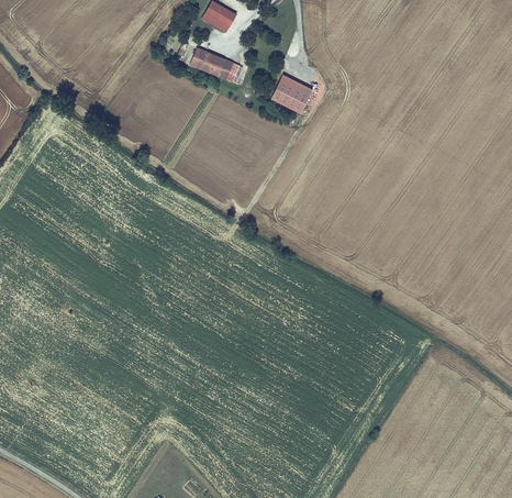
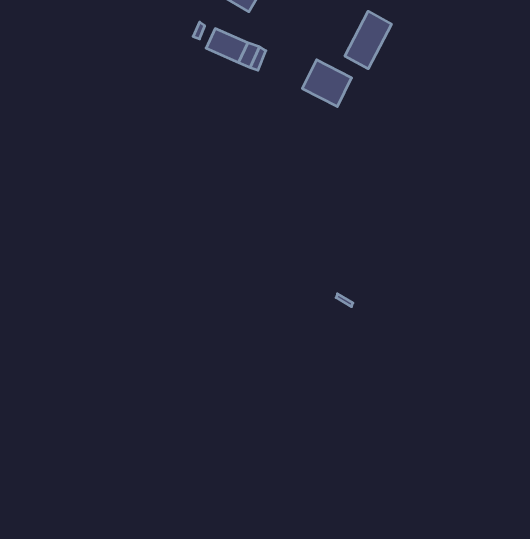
building: none -> [345,11,391,69]

